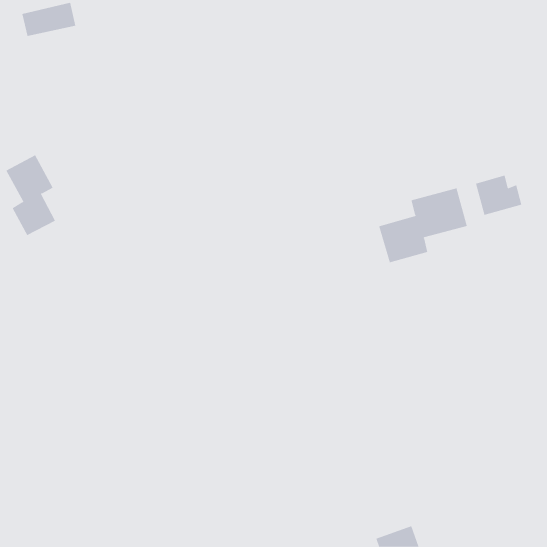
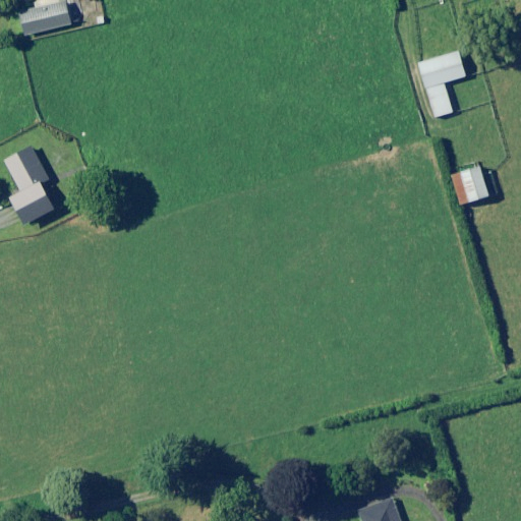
building: none -> [417,49,471,117]
building: [378,188,468,263] -> none

